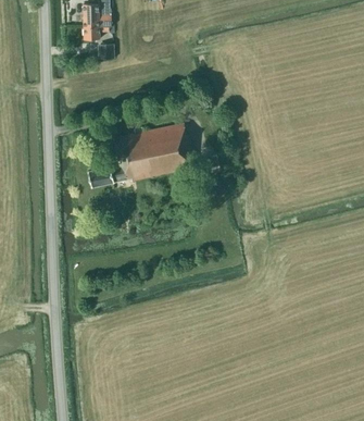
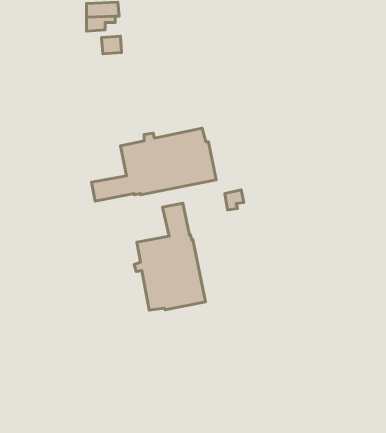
building: none -> [134,203,205,310]

